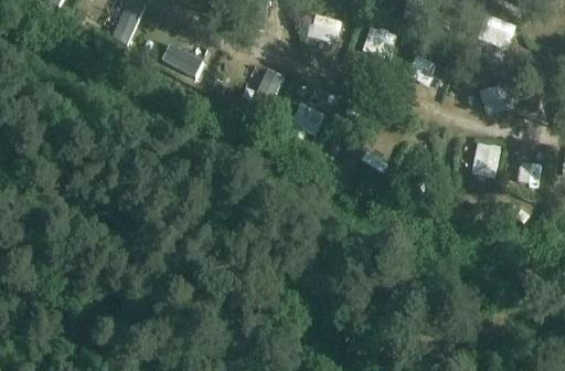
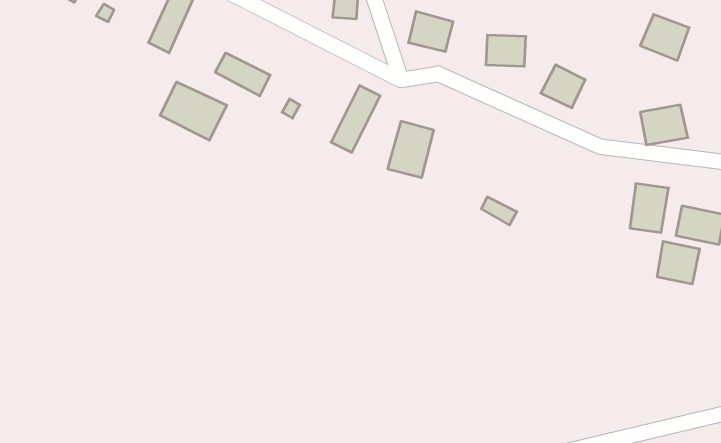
building: none -> [160,82,227,140]
building: none -> [657,241,700,284]

